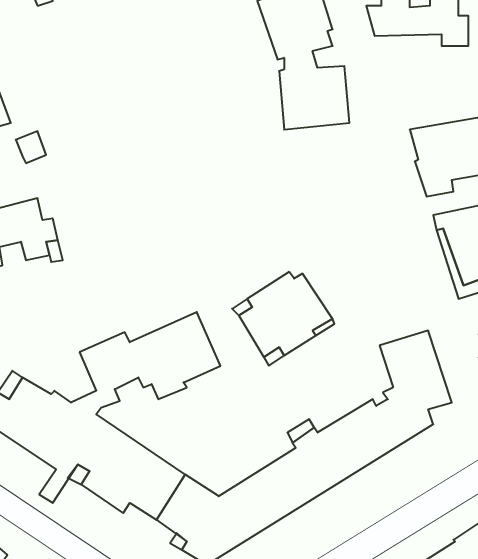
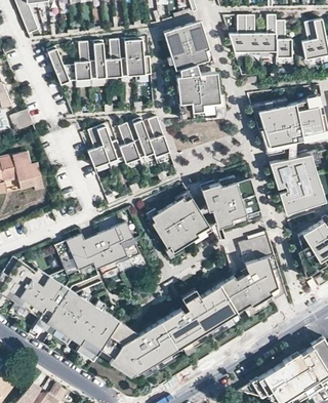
building: none -> [46,36,152,83]
building: none -> [86,114,168,165]
building: none -> [201,174,257,224]

